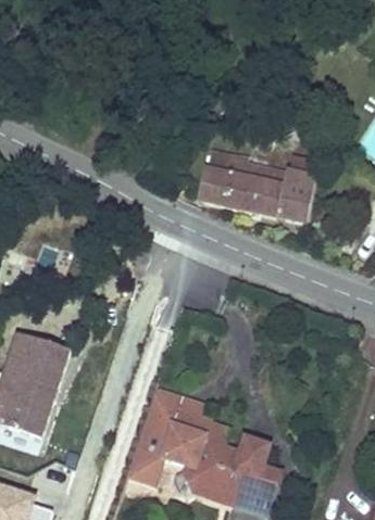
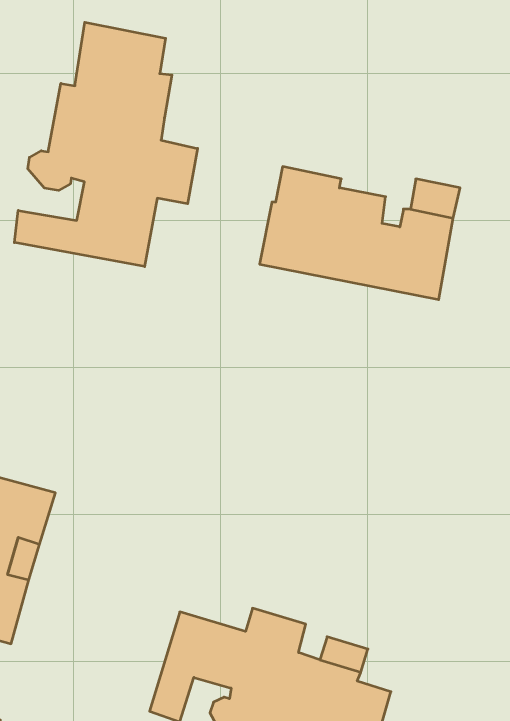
building: none -> [14,22,198,267]
building: [147,393,195,432] -> none

